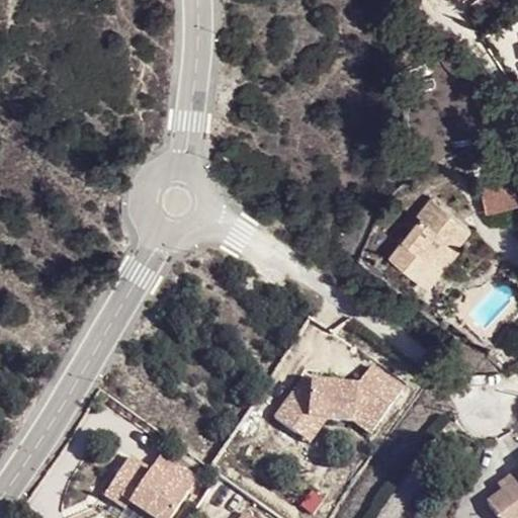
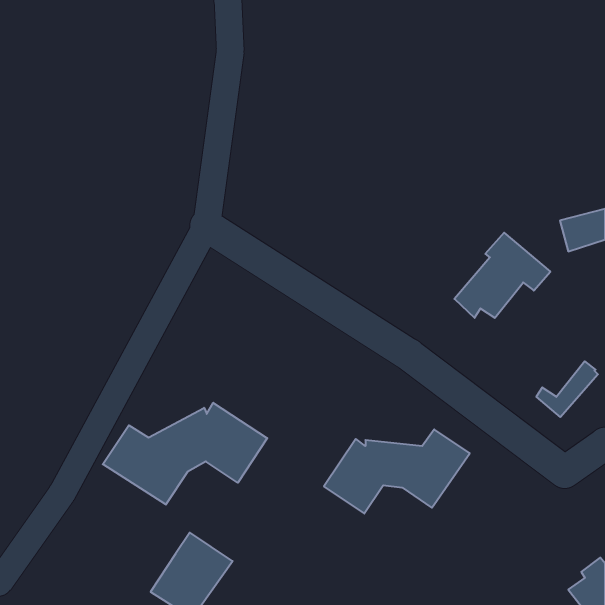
building: [405,242,457,289] -> [536,361,598,417]
building: none -> [103,403,267,505]
building: [103,460,150,512] -> none

